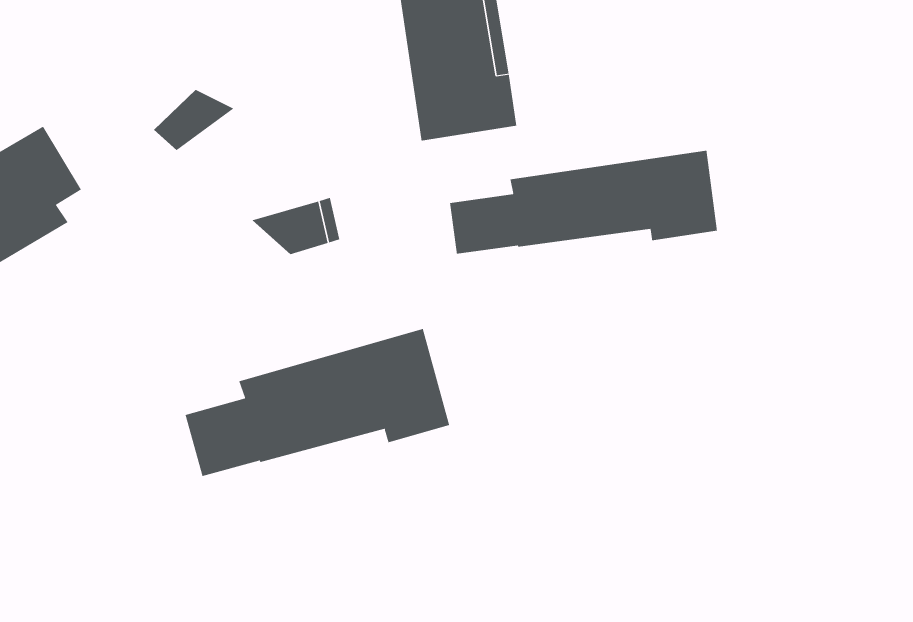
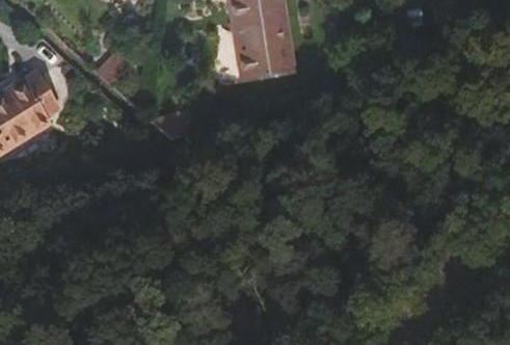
building: [449,150,717,255] -> none
building: [185,328,450,477] -> none

